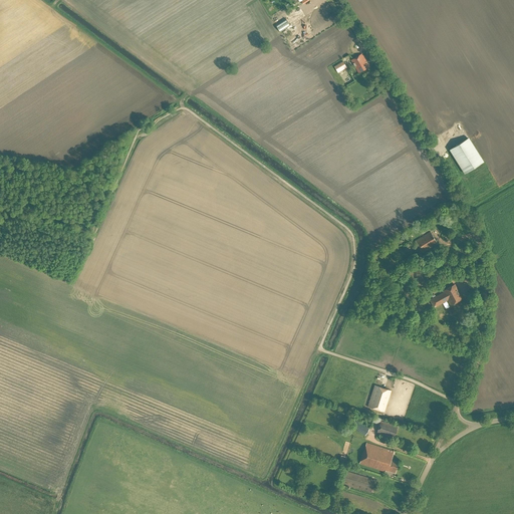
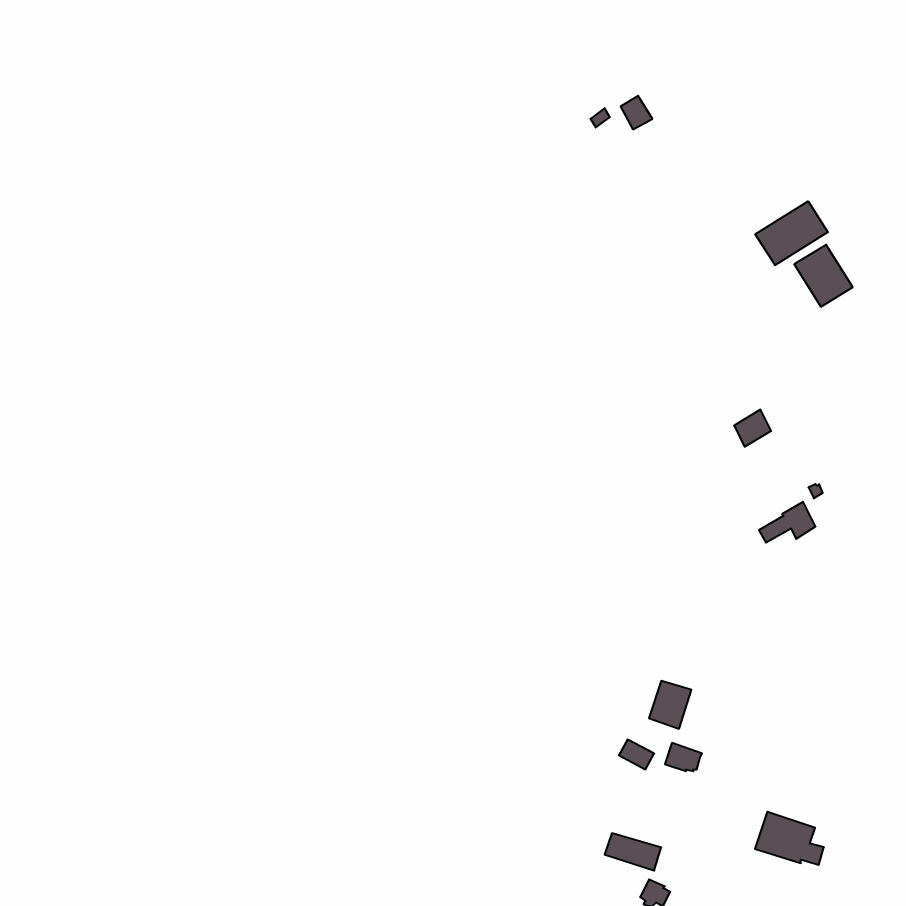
building: none -> [755,201,828,265]
building: [359,443,399,473] -> [755,812,824,865]

